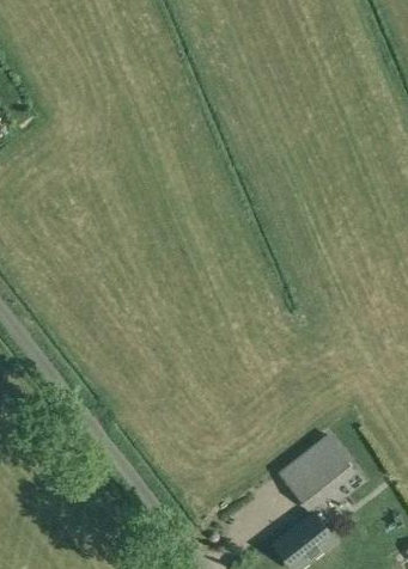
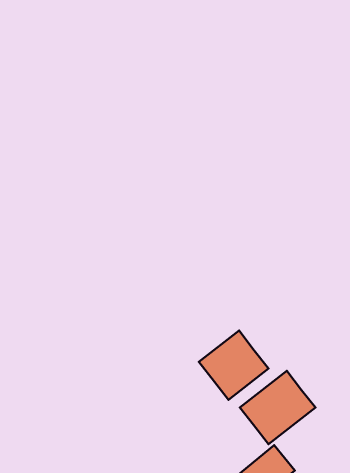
building: none -> [199,331,269,400]

